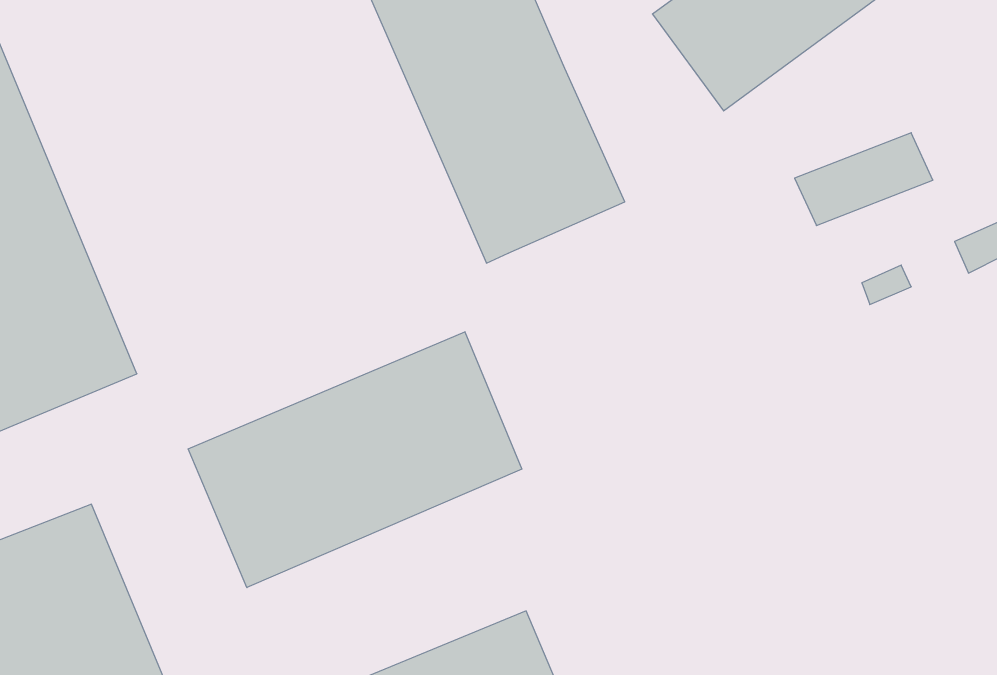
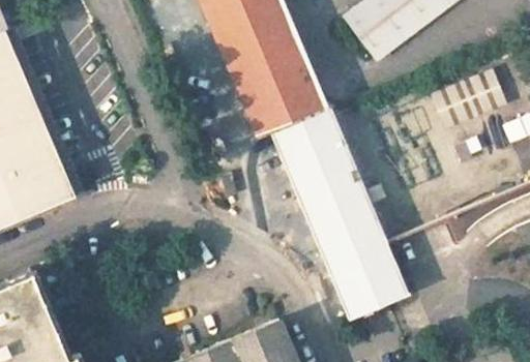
building: none -> [269,108,410,322]
building: [188,332,522,588] -> none

